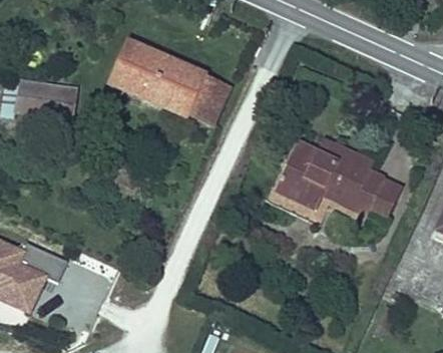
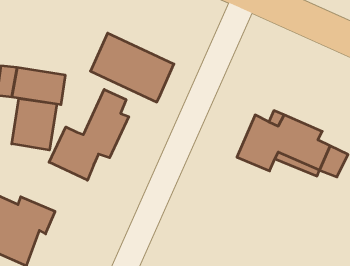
building: [187,82,227,128] -> none
building: none -> [49,89,129,180]
building: none -> [12,98,57,150]

